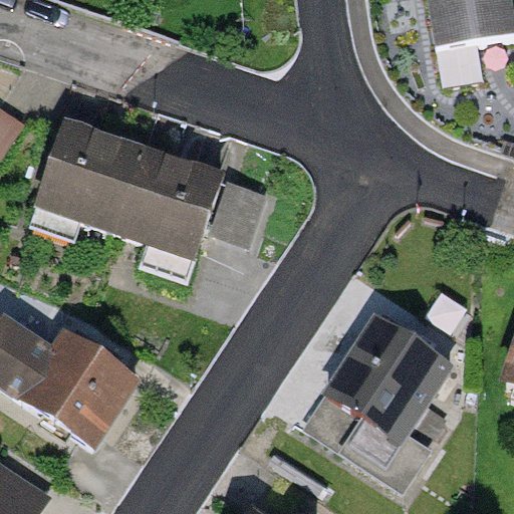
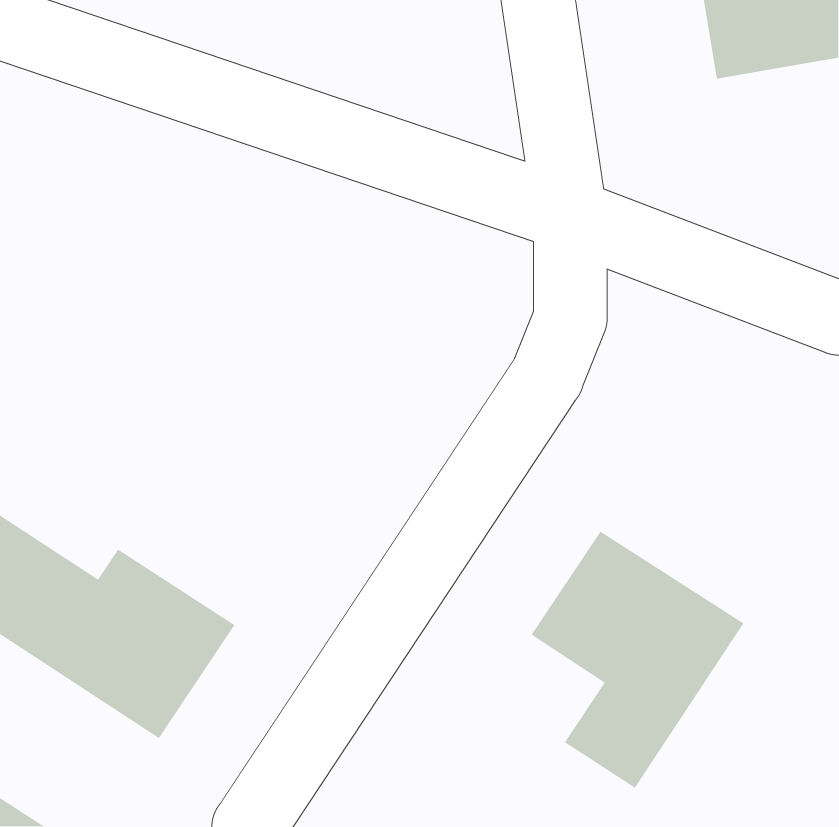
building: [38,118,226,247] -> none

